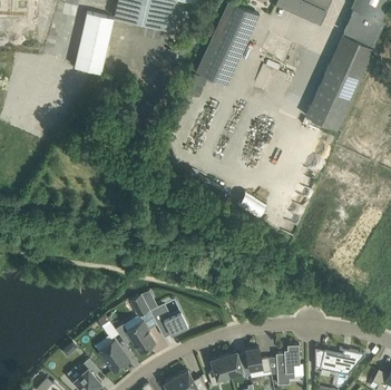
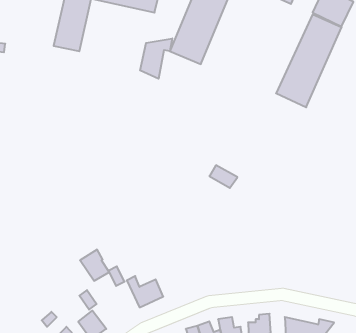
building: none -> [140,38,172,79]
building: [126,320,156,352] -> [80,250,109,281]

